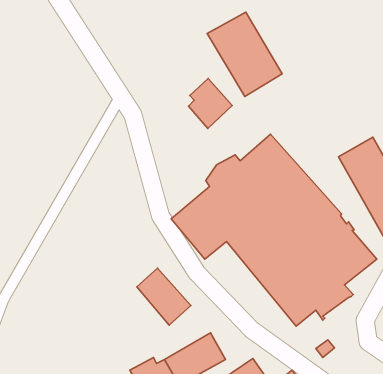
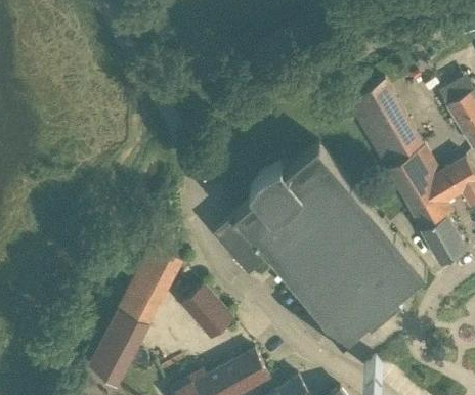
building: [207,12,282,97] -> [346,80,424,168]
building: [188,78,232,128] -> none
building: none -> [89,237,183,387]

